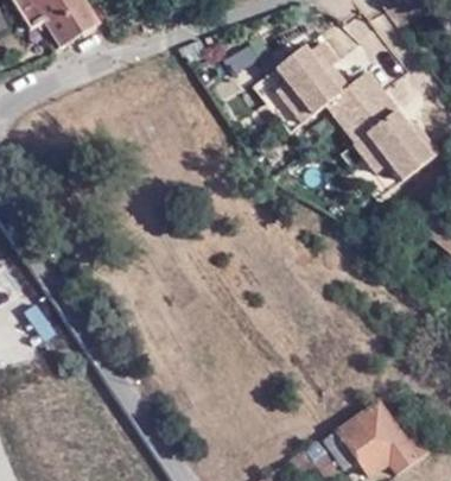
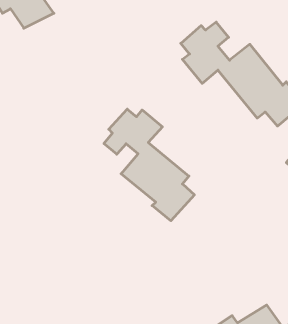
building: none -> [104,109,194,221]

